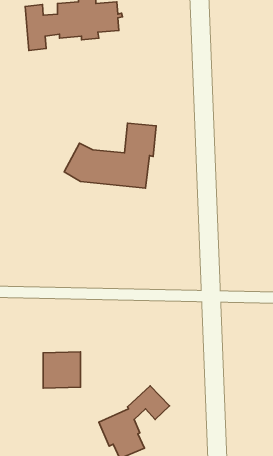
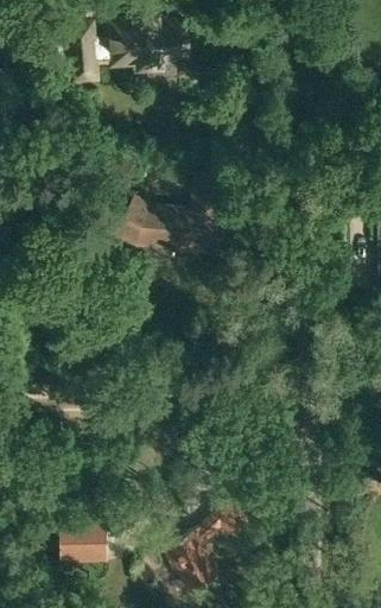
building: [43,352,81,388] -> [58,522,104,568]

